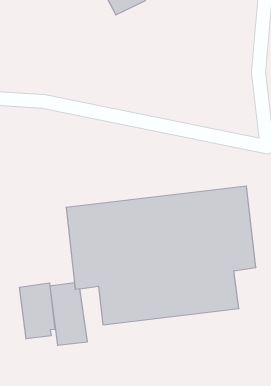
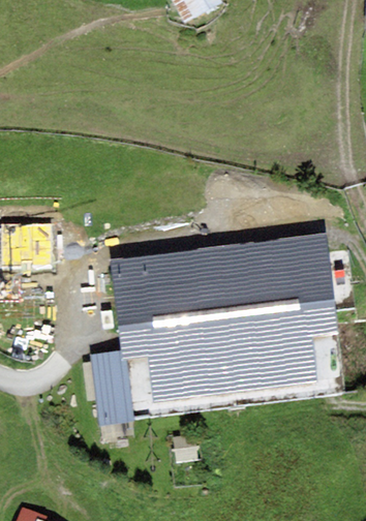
building: [19,283,55,339] -> none

